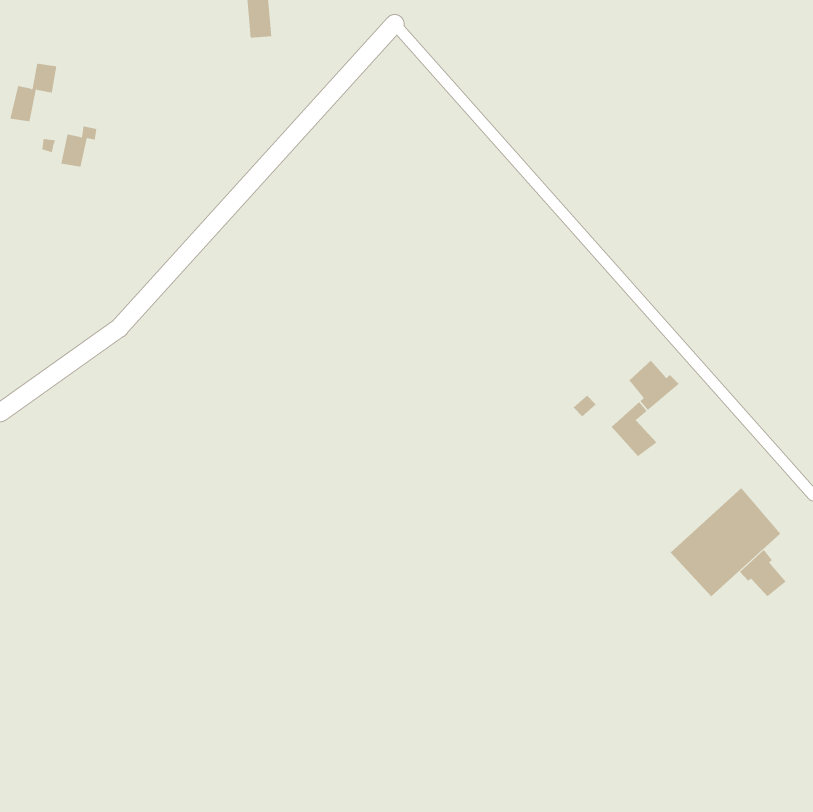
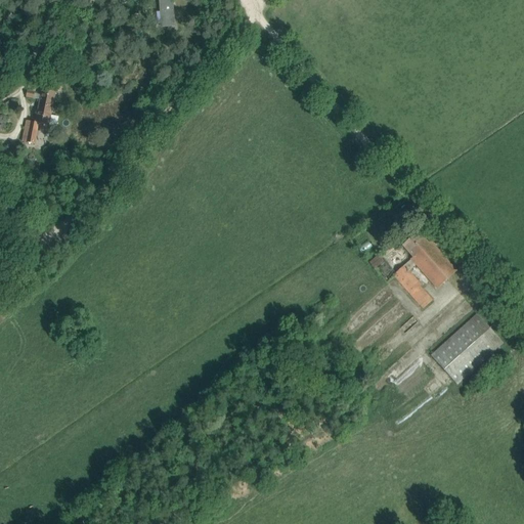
building: [9,63,57,122] -> [21,105,52,143]
building: none -> [417,247,456,288]
building: [739,549,787,597] -> none

